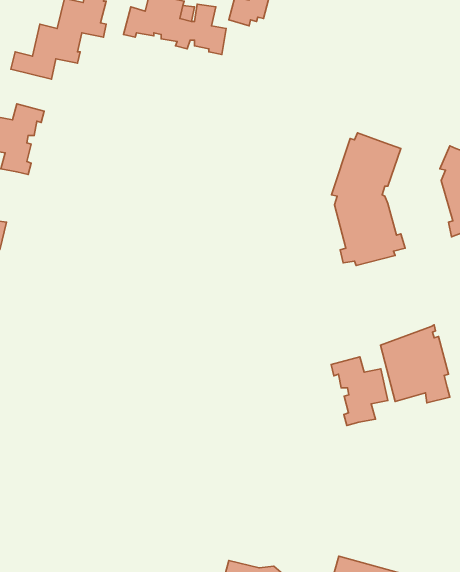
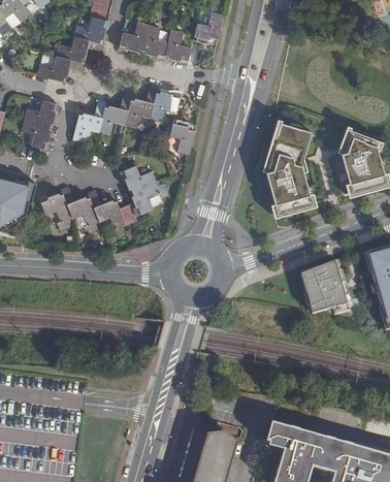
building: none -> [72,86,193,155]
building: none -> [38,166,168,238]
building: [331,357,388,425] -> none

